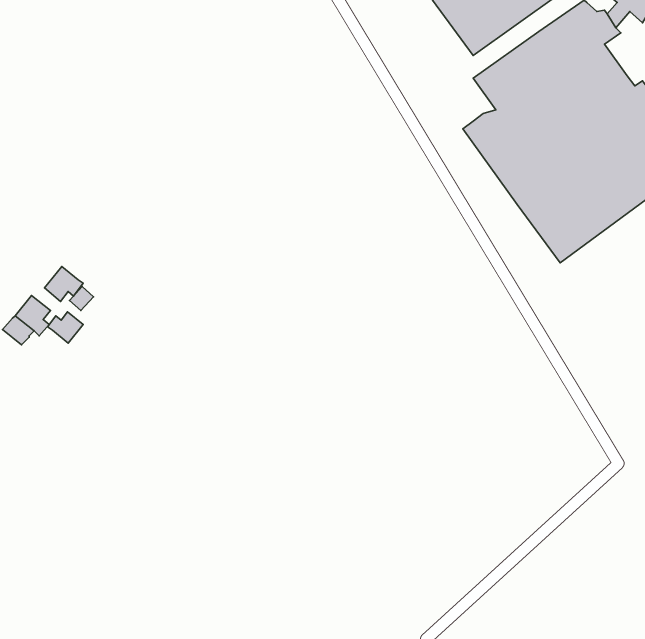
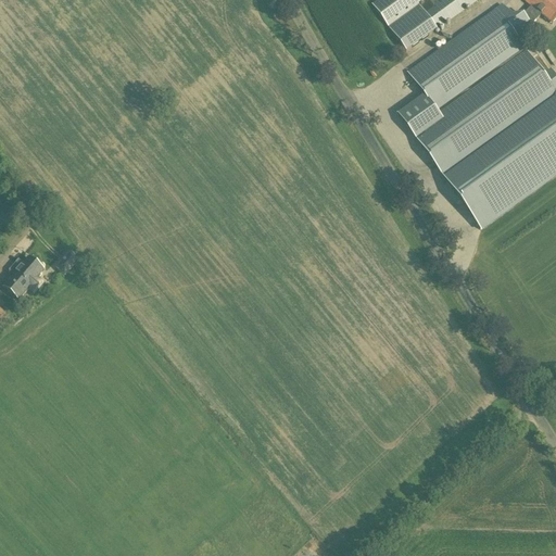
building: [44,267,83,301] -> none
building: [48,312,83,343] -> none

